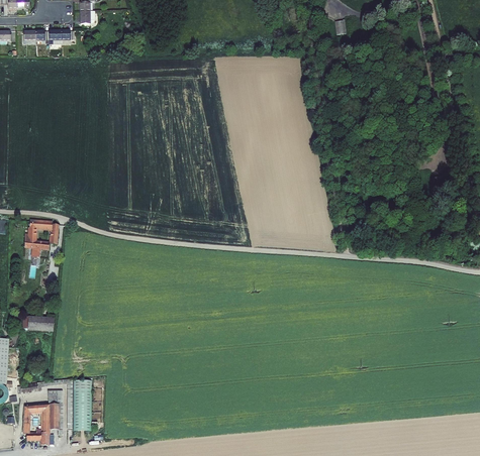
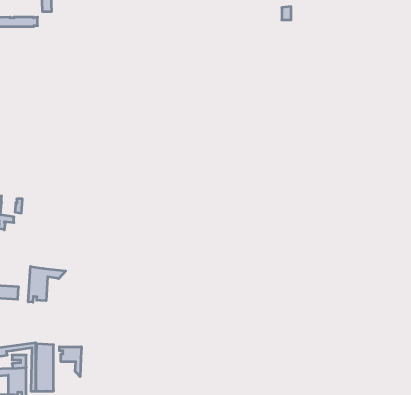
building: none -> [28,266,66,302]
building: none -> [59,347,81,377]

